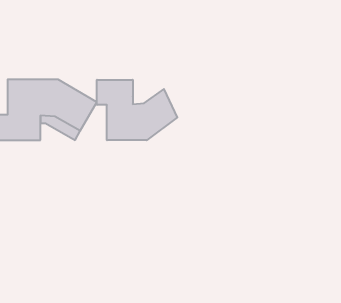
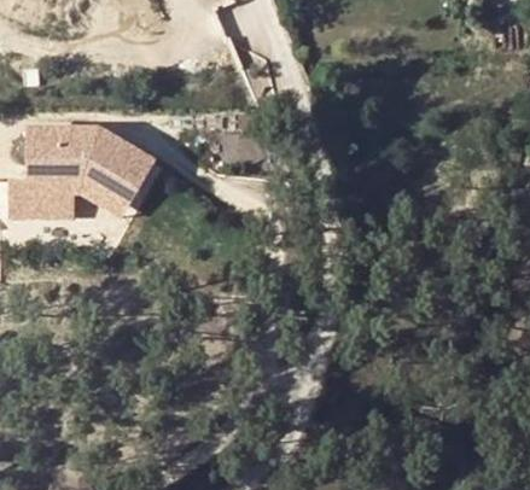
building: [97,80,177,140] -> none

